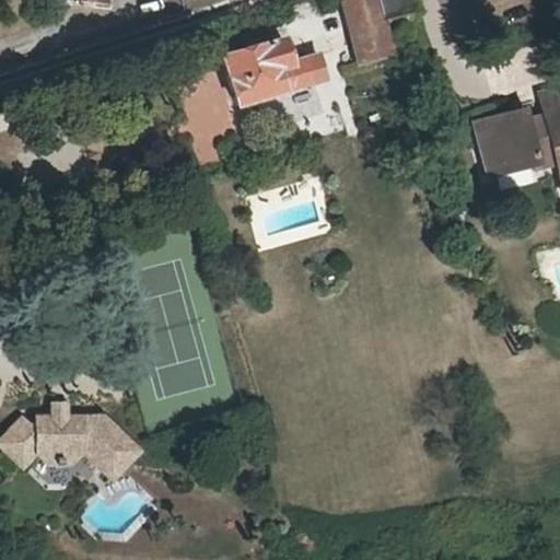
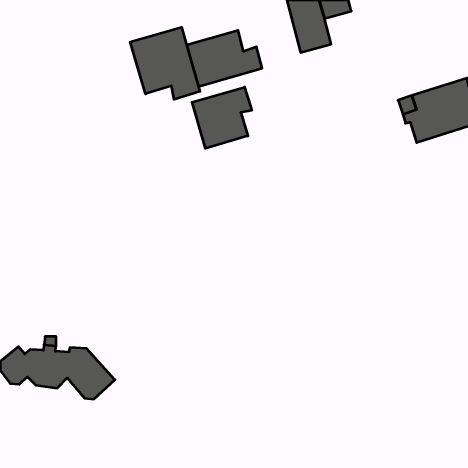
building: none -> [130,27,200,99]
building: none -> [192,87,252,148]

